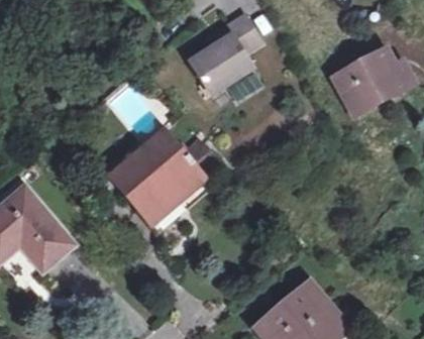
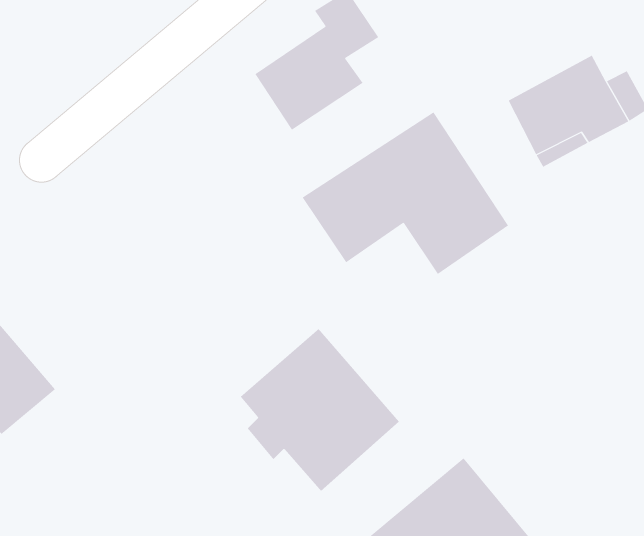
building: none -> [302,112,509,275]
building: [118,133,210,227] -> [240,328,400,492]

